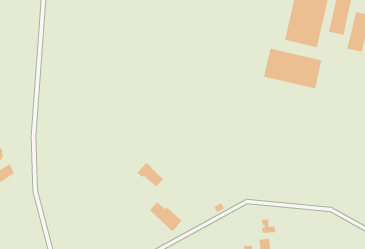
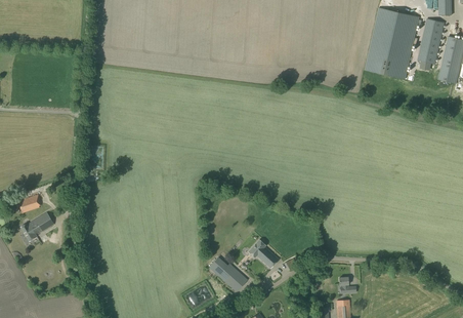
building: [264,48,322,89] -> none
building: [137,162,164,187] -> [247,239,279,268]

